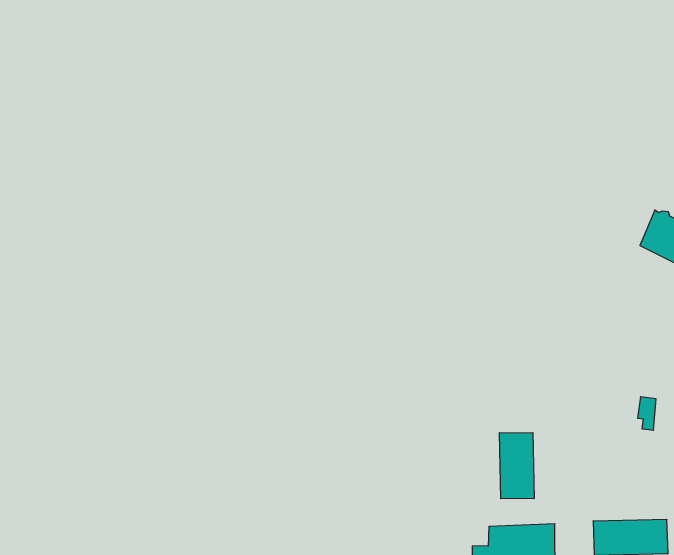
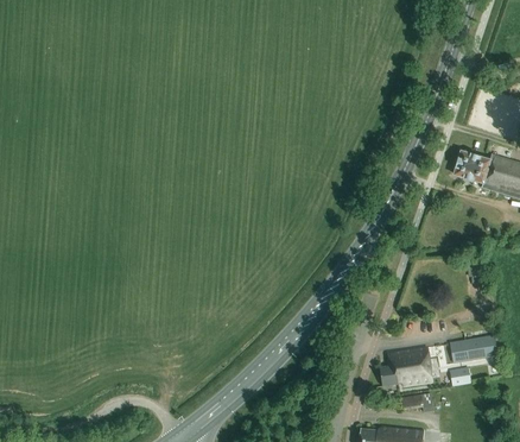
building: [499,433,534,499] -> none

